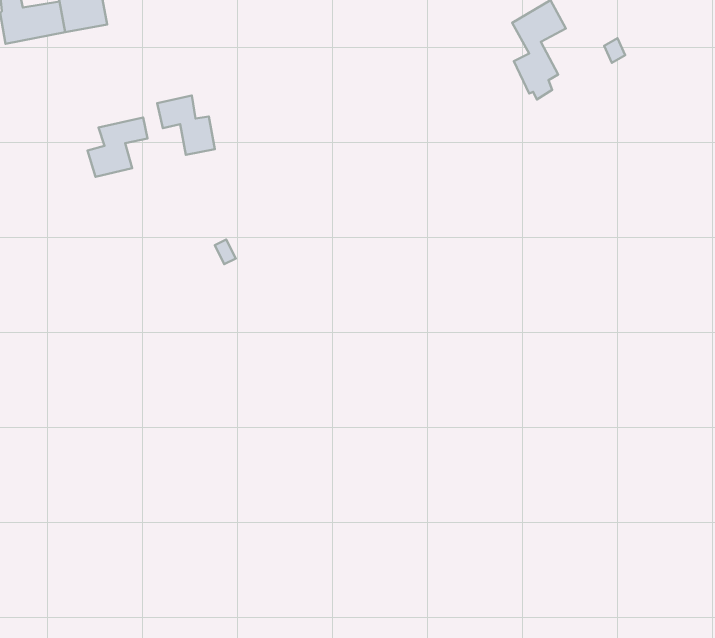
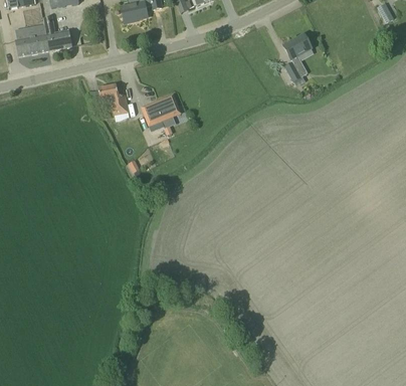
building: none -> [141,93,180,126]
building: [88,118,147,177] -> none

